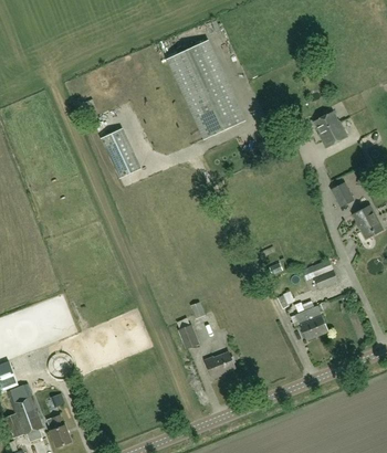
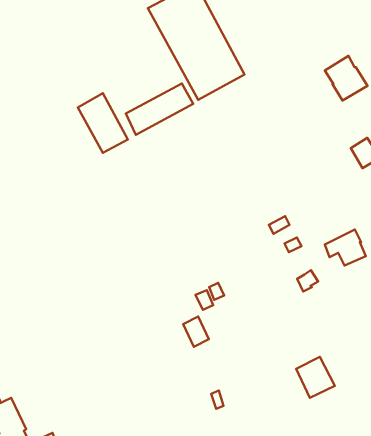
building: none -> [126,84,193,135]
building: [296,305,328,339] -> [296,357,335,398]
building: [205,351,236,378] -> none

